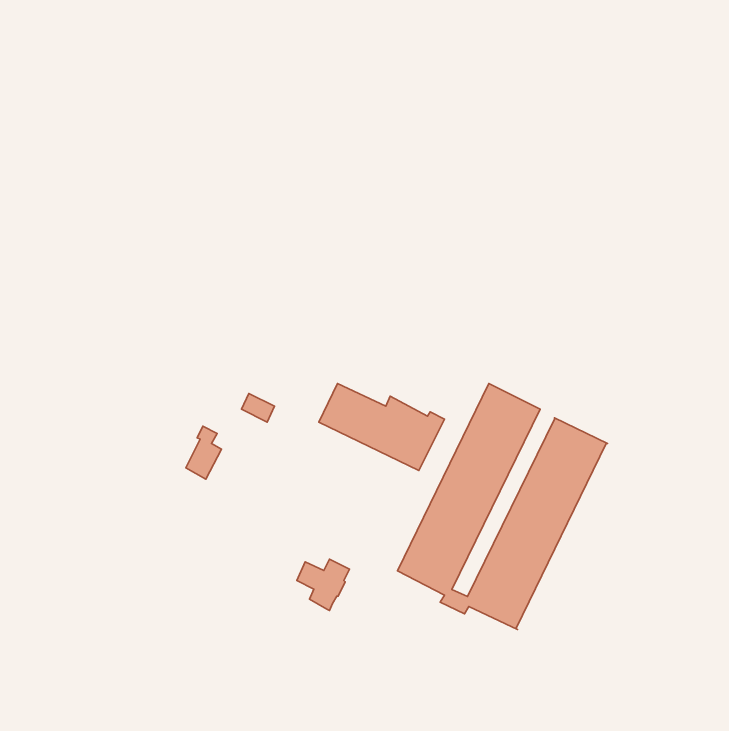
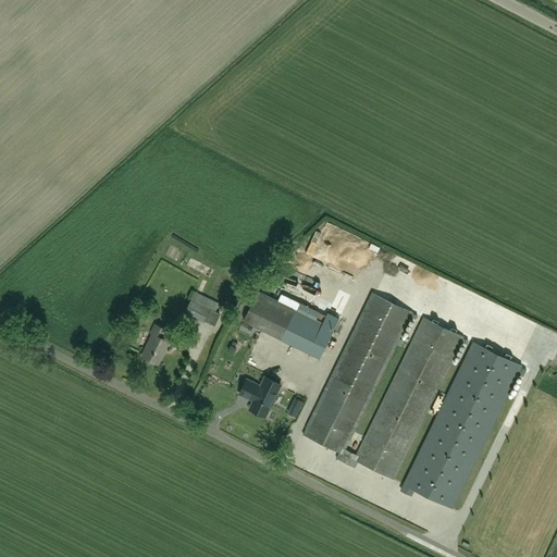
building: none -> [399,342,520,508]
building: [297,559,350,611] -> [239,377,280,417]

